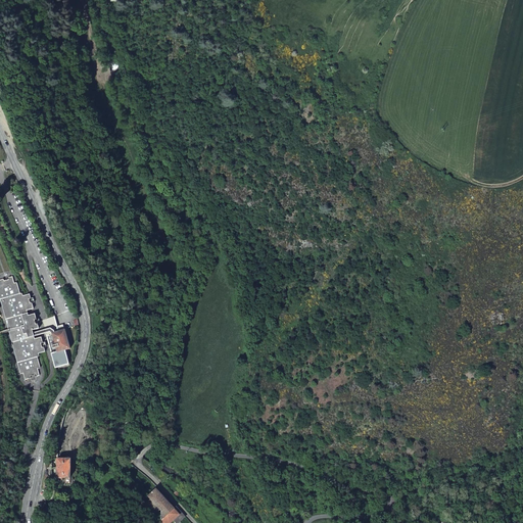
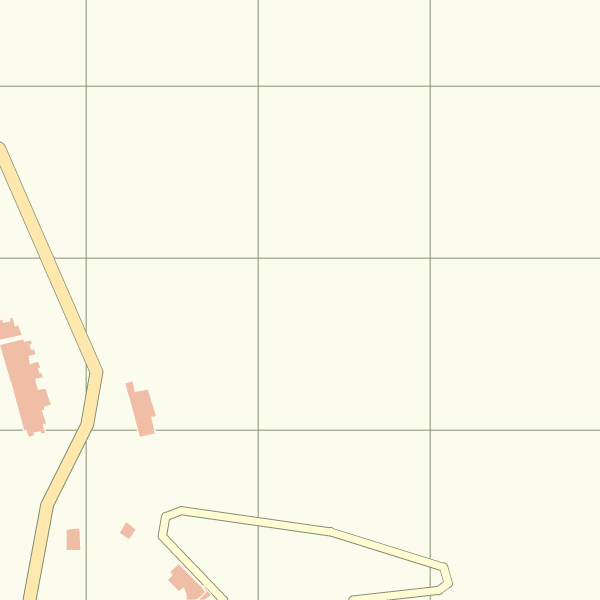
building: [42,318,69,367] -> [125,381,157,437]

